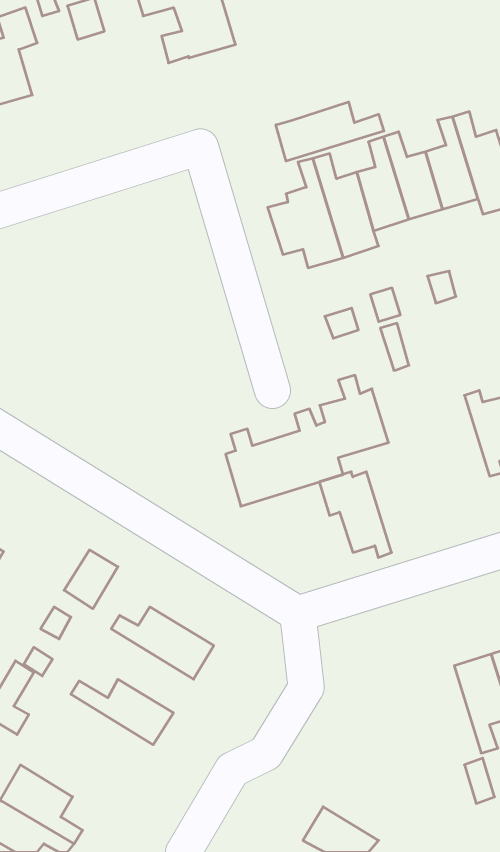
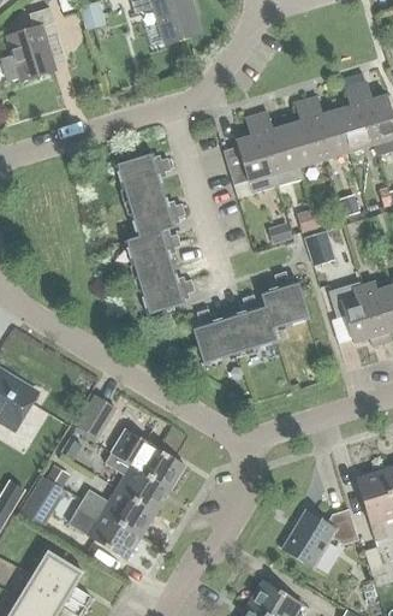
building: [276,102,384,161] -> none
building: none -> [115,152,195,313]
building: [319,472,392,557] -> [331,284,382,345]
building: none -> [106,451,171,511]
building: none -> [69,498,142,558]
building: none -> [282,508,358,567]

